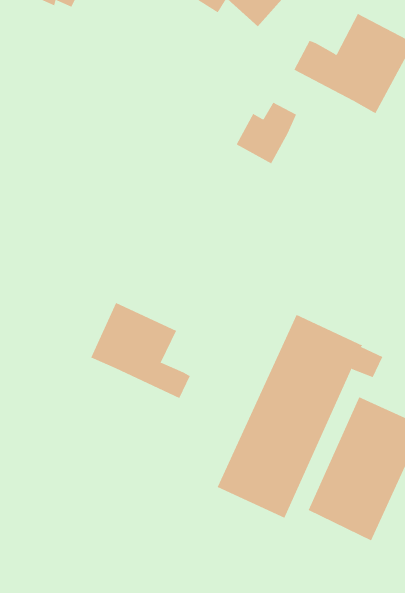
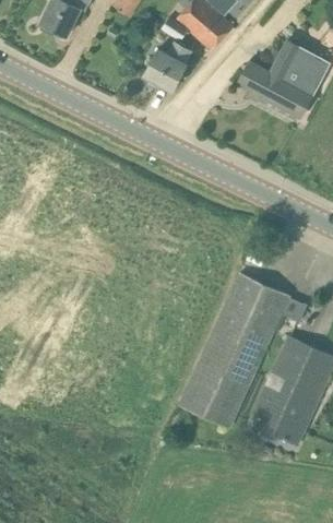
building: [236,102,297,164] -> [145,40,192,88]
building: [90,302,190,399] -> none

